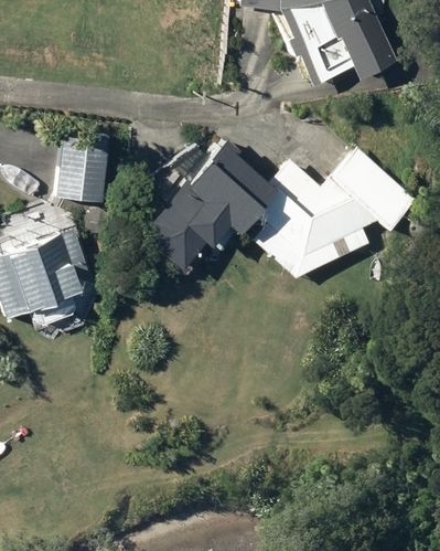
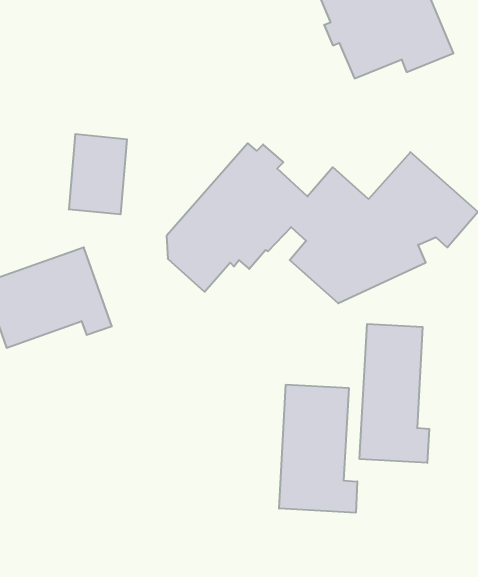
building: none -> [360,324,429,463]
building: none -> [279,385,357,513]

